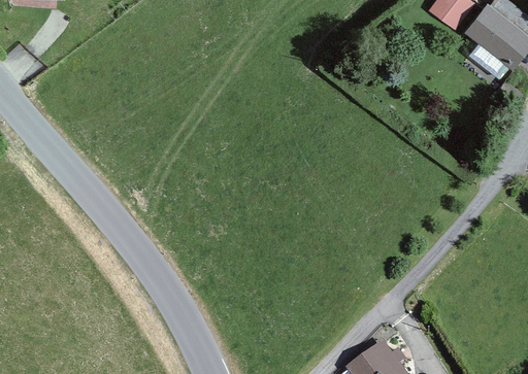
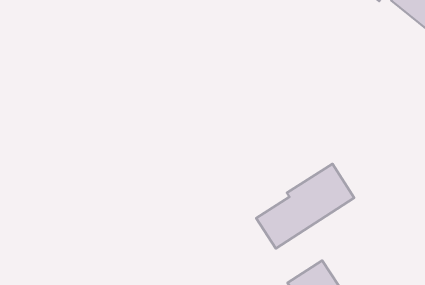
building: none -> [256,164,354,248]

